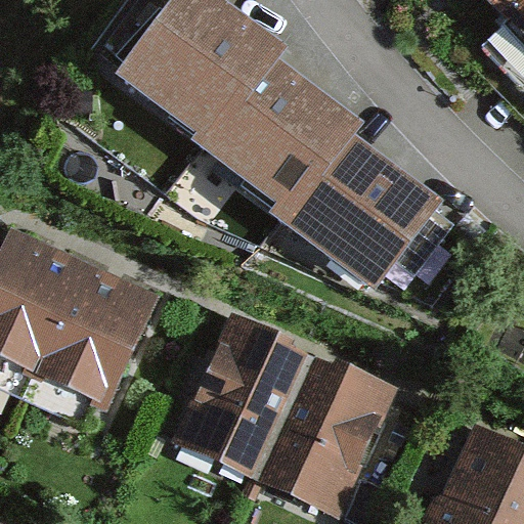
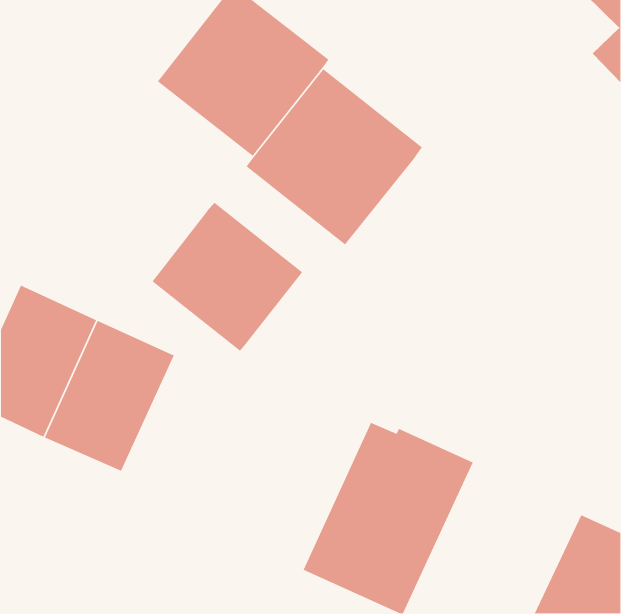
building: [286,134,435,281] -> none
building: none -> [151,202,303,352]
building: [172,311,312,480] -> none

